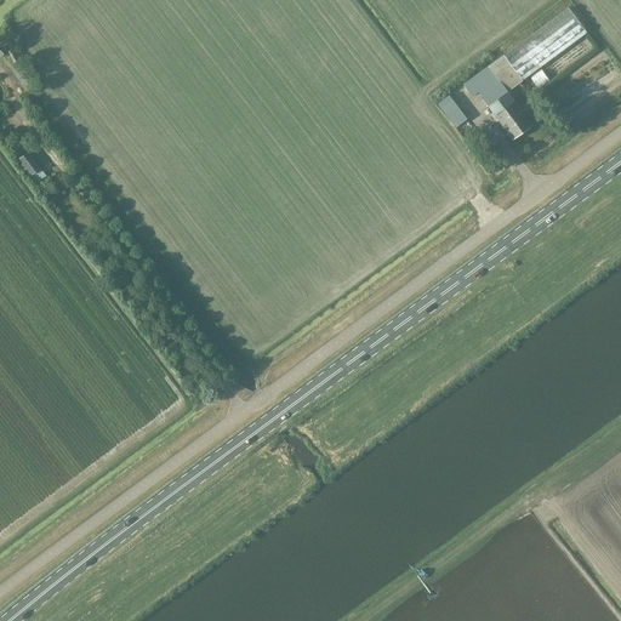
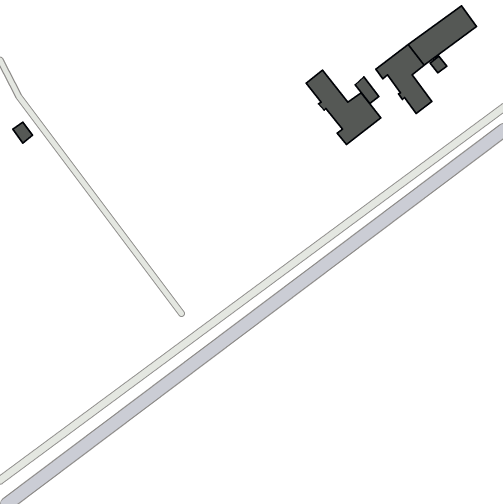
building: none -> [306,70,381,145]

